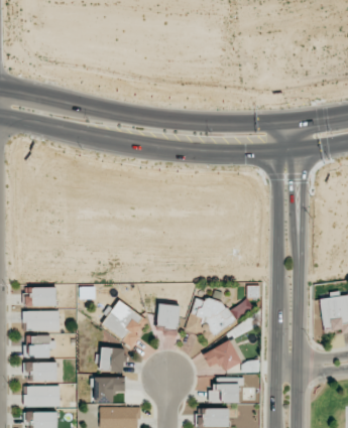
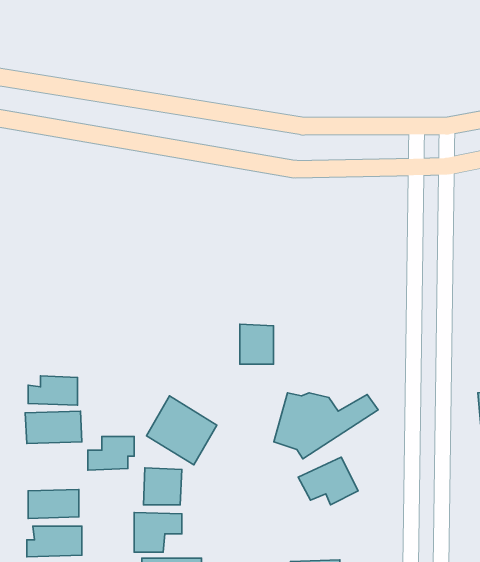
building: [157,304,180,330] -> [240,324,273,364]
building: [23,335,53,358] -> [88,436,134,470]
building: [208,378,240,403] -> none

